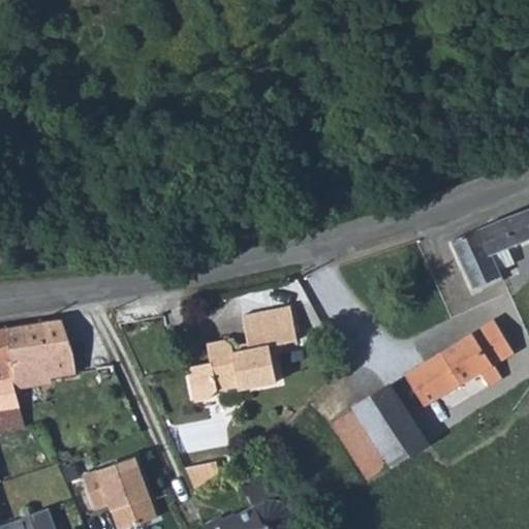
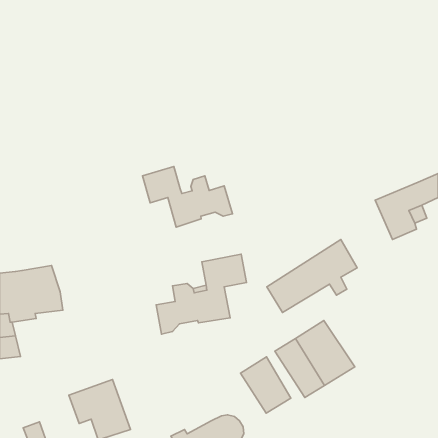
building: none -> [142,167,232,227]
building: [405,319,514,407] -> [267,239,357,312]
building: none -> [240,357,291,413]

